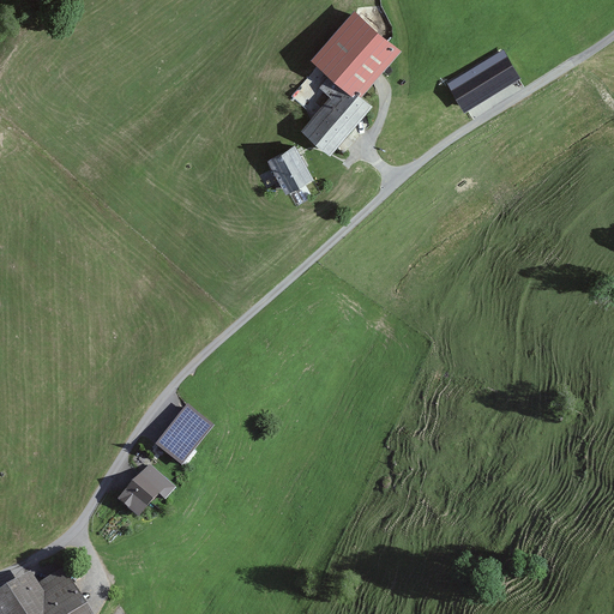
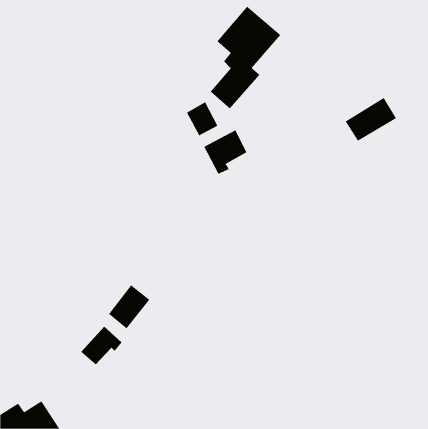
building: [446,48,520,112] -> [345,97,397,142]
building: none -> [203,130,247,174]

